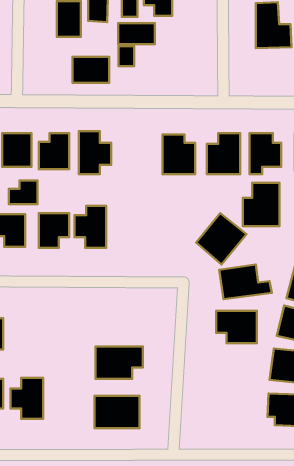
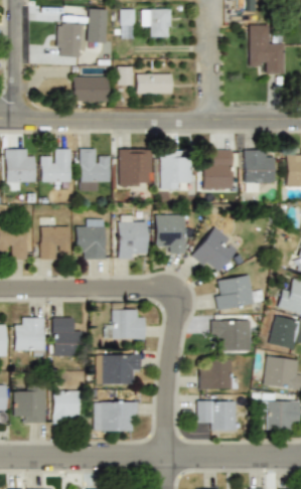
building: [118,23,155,44] -> [137,73,172,94]
building: none -> [118,149,153,186]
building: [9,181,38,204] -> none
building: [243,183,279,226] -> none
building: none -> [155,214,185,254]
building: none -> [118,216,147,259]
building: none -> [106,309,145,339]
building: none -> [53,317,78,356]
building: none -> [15,318,45,350]
building: none -> [199,359,238,389]
building: none -> [53,390,82,423]
building: none -> [197,401,236,432]

